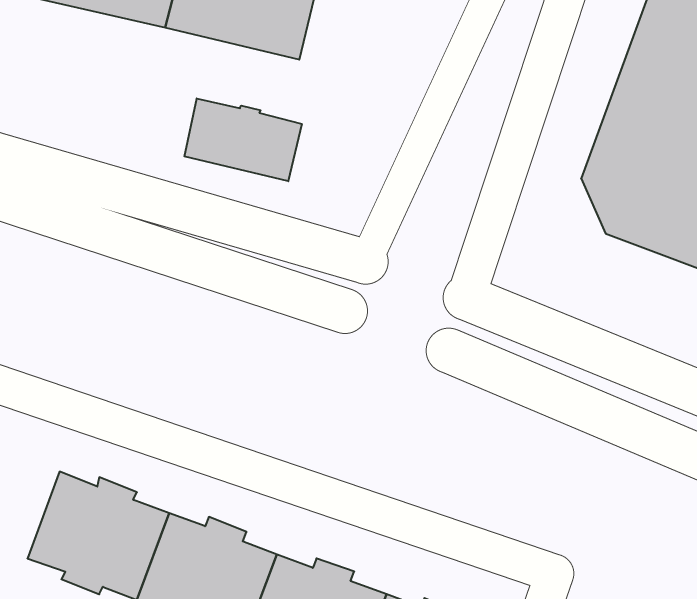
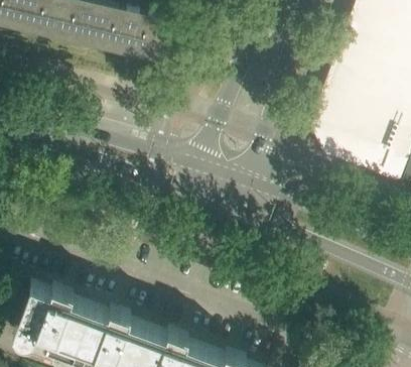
building: [184,98,302,181] -> none

